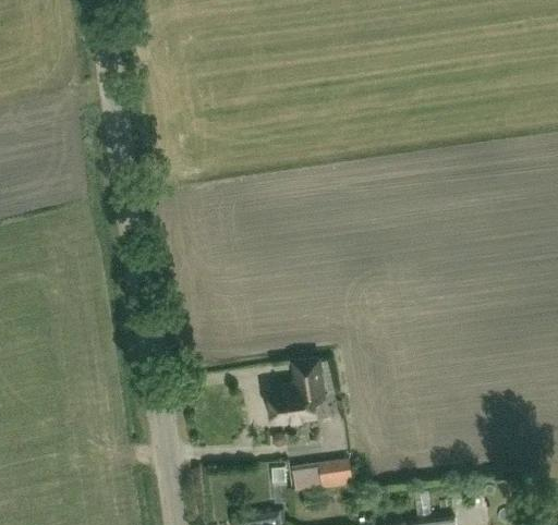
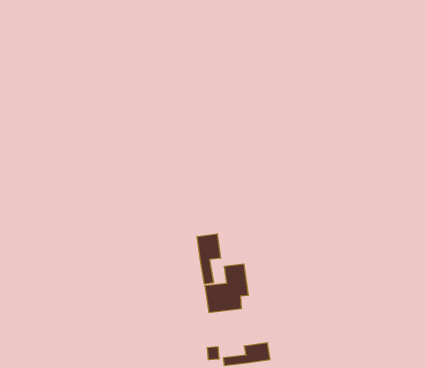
building: none -> [197,234,221,284]

